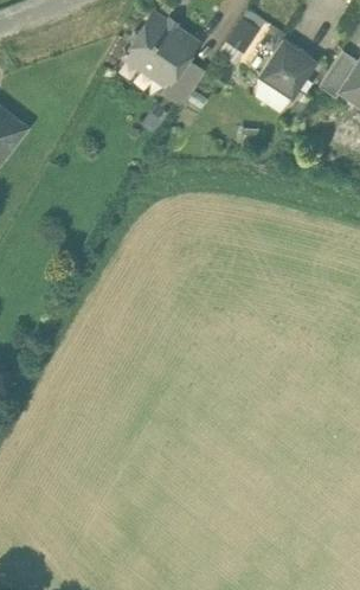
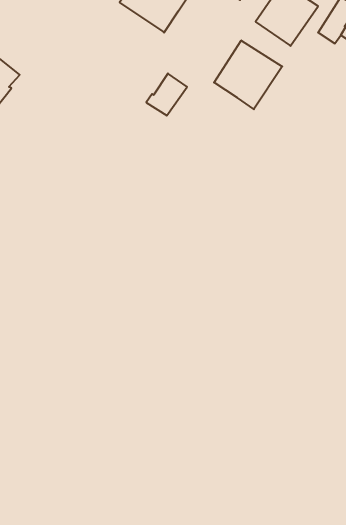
building: [161,65,201,107] -> [146,73,187,116]
building: none -> [214,40,282,109]

